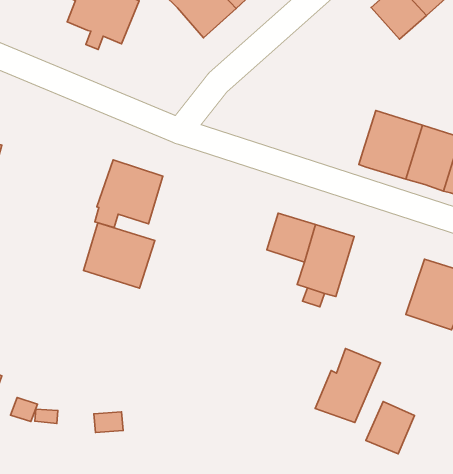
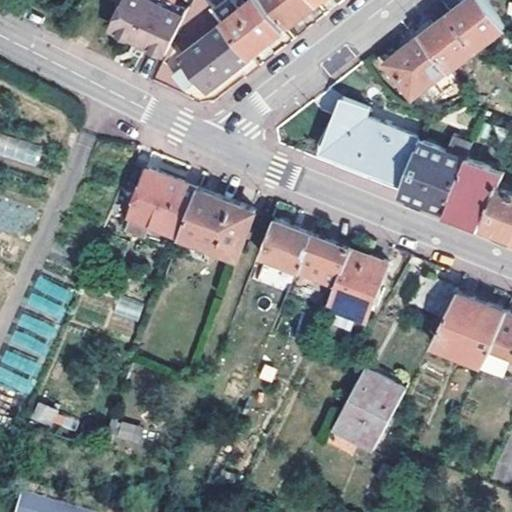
building: none -> [384,36,445,97]
building: none -> [173,22,248,88]
building: none -> [321,98,416,180]
building: none -> [258,221,310,272]
building: [83,223,155,288] -> [179,190,253,259]
building: [366,402,415,454] -> none

